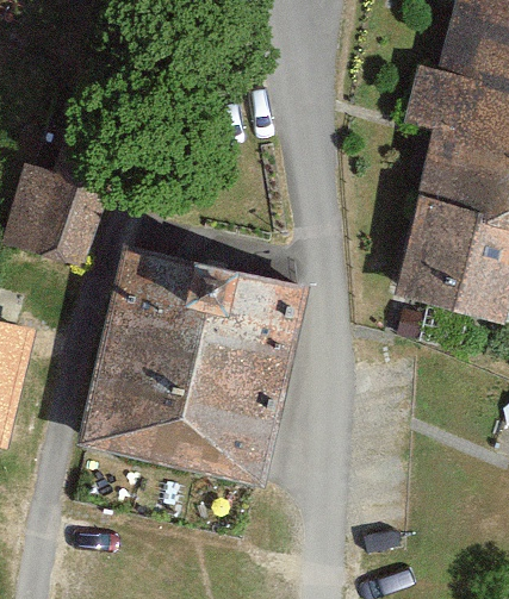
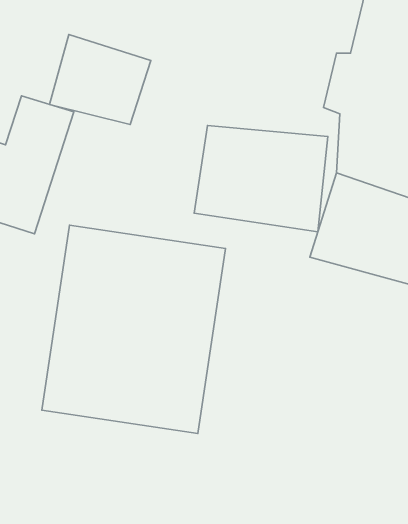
building: none -> [50,34,151,125]
building: none -> [194,126,328,232]

